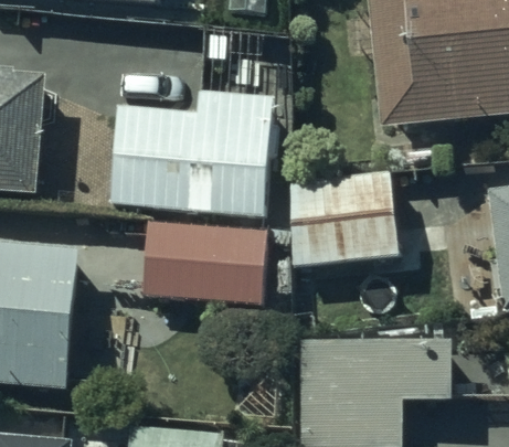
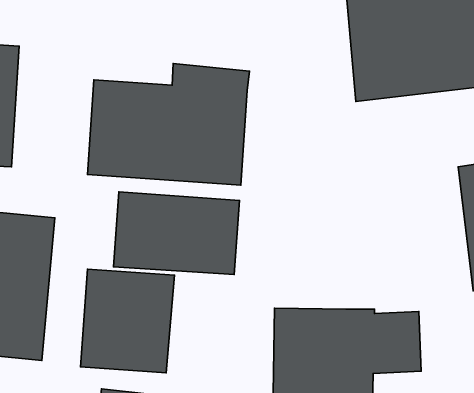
building: [293,173,400,265] -> none
building: none -> [81,269,174,373]

